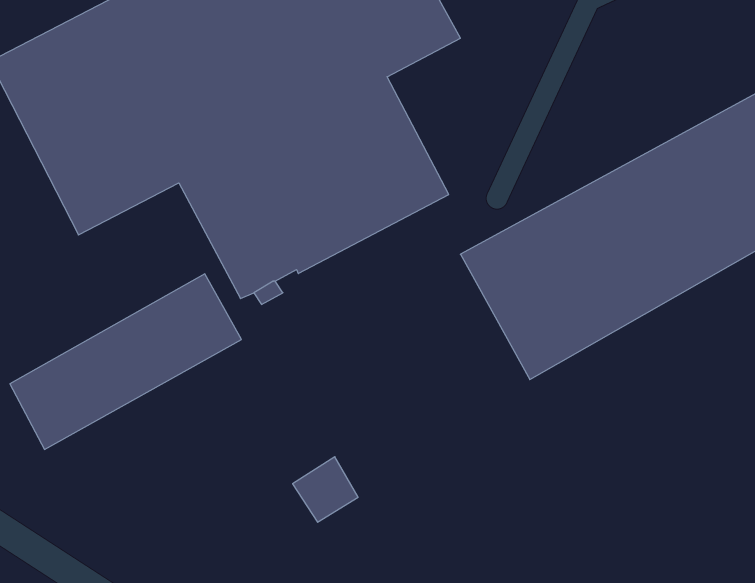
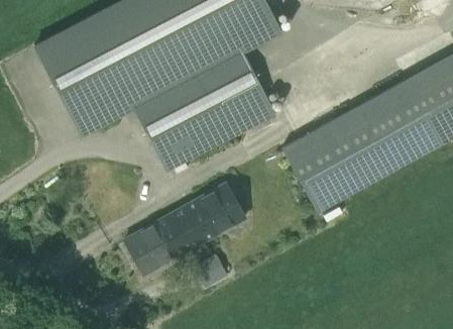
building: [10,274,241,449] -> [126,182,247,273]

